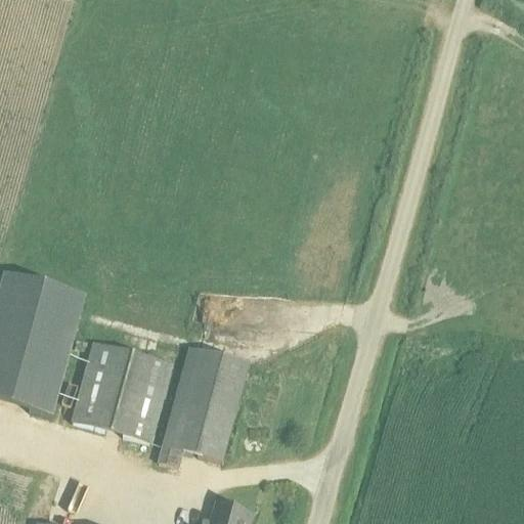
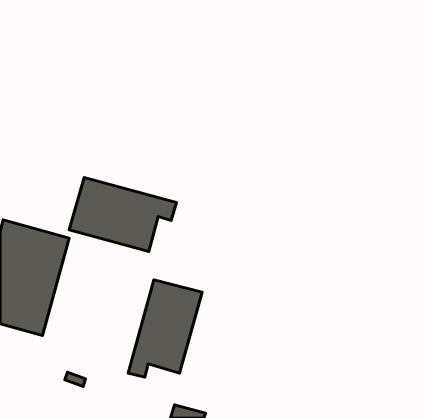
building: none -> [69,177,176,252]
building: [72,338,172,439] -> none

